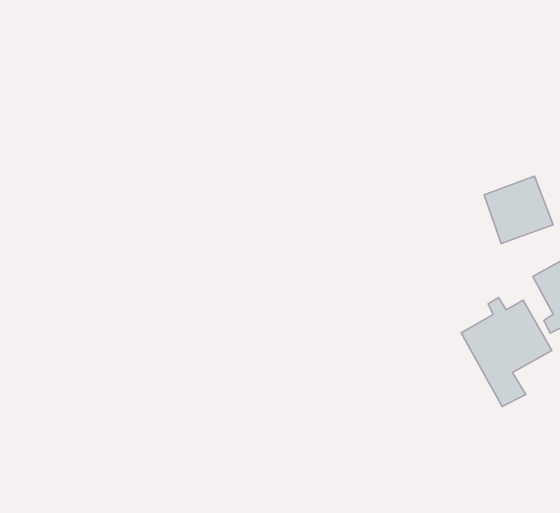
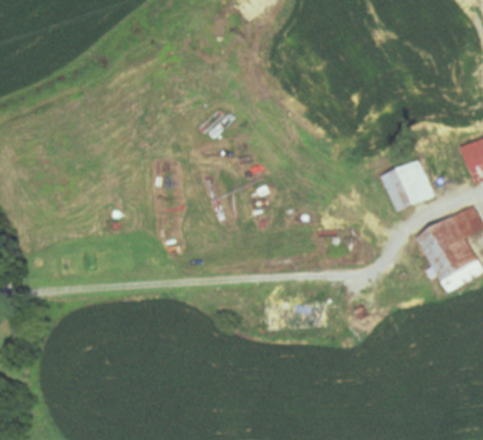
building: [461,297,552,407] -> none

